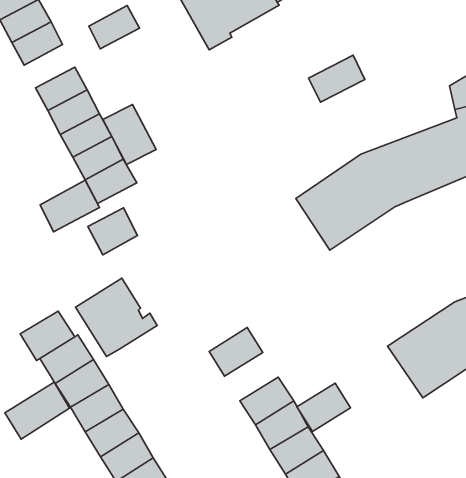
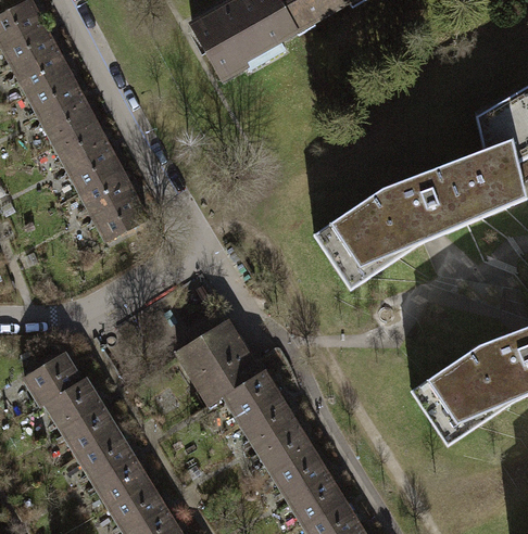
building: [89,5,139,49] -> [29,74,83,119]
building: [309,55,365,102] -> none
building: [103,104,156,164] -> none
building: [40,180,100,232] -> none
building: [88,208,138,255] -> none
building: [75,278,157,357] -> [178,321,264,404]
building: [5,382,70,439] -> none
building: [297,383,351,432] -> [240,397,297,448]

